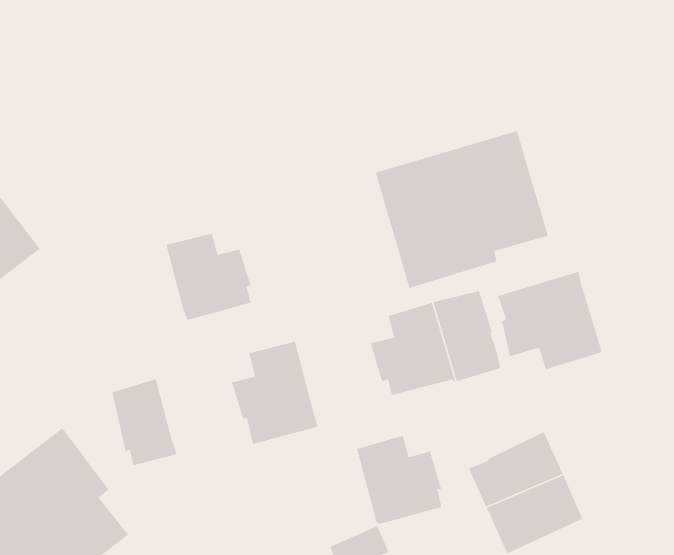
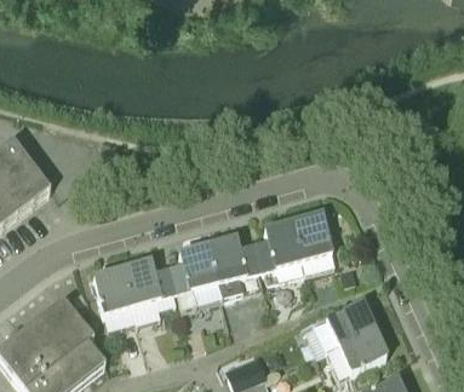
building: [375,130,549,289] -> none
building: [165,233,252,321] -> [121,259,174,313]
building: [497,271,603,370] -> none
building: [356,435,442,525] -> [207,235,260,290]

